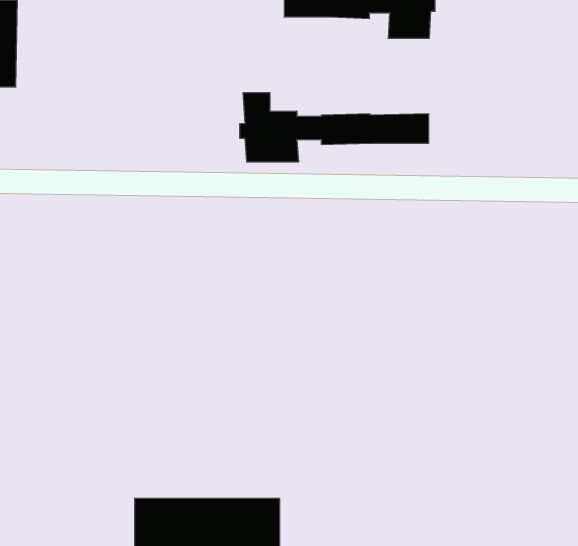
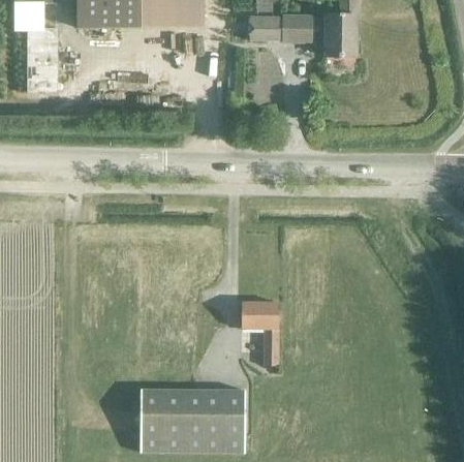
building: [240,93,429,162] -> none
building: none -> [241,301,278,365]

